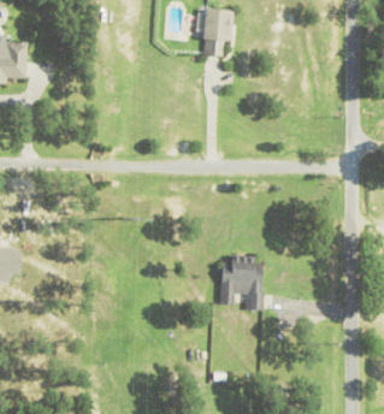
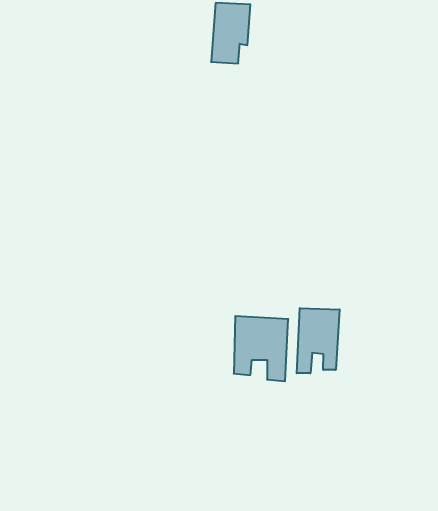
building: none -> [297,308,340,373]

